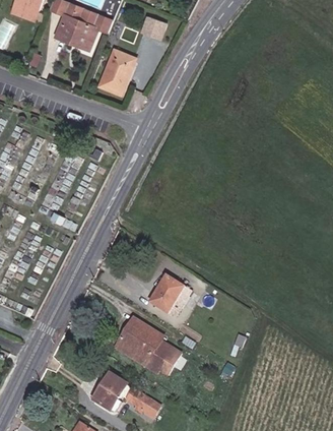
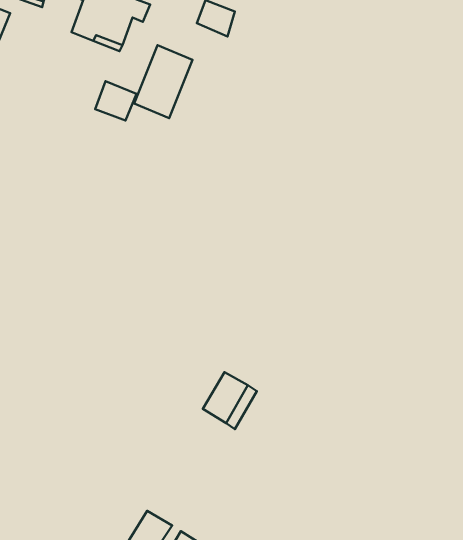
building: none -> [95,81,137,121]
building: [115,316,177,376] -> none

